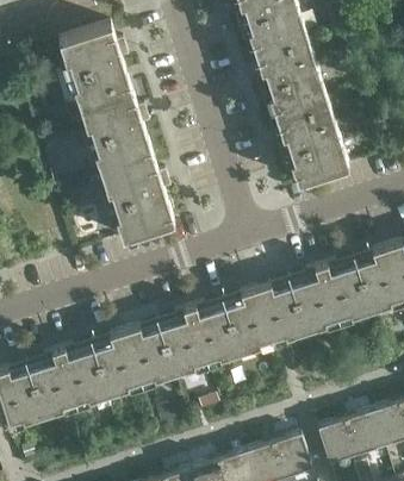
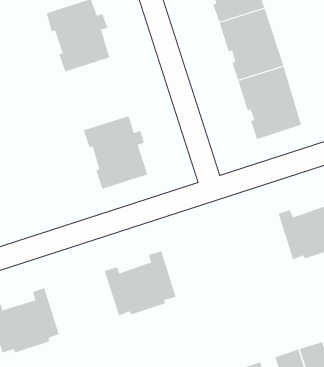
building: [80,90,153,173] -> none
building: [189,267,337,361] -> none
building: [57,331,141,402] -> none

